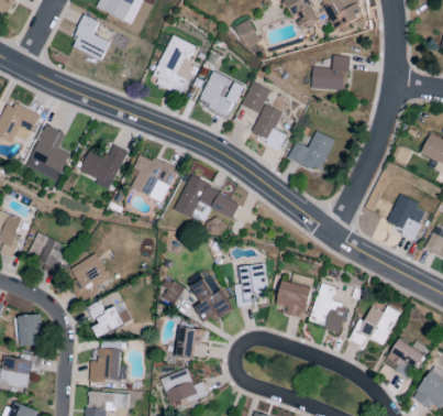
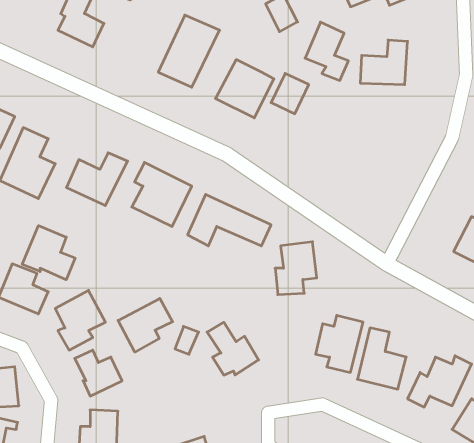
building: [252,103,286,150] -> [305,22,348,80]
building: [288,131,334,172] -> none
building: none -> [22,226,75,280]
building: none -> [118,298,173,352]
building: [234,263,267,305] -> [275,242,317,295]
building: [175,326,208,359] -> none

